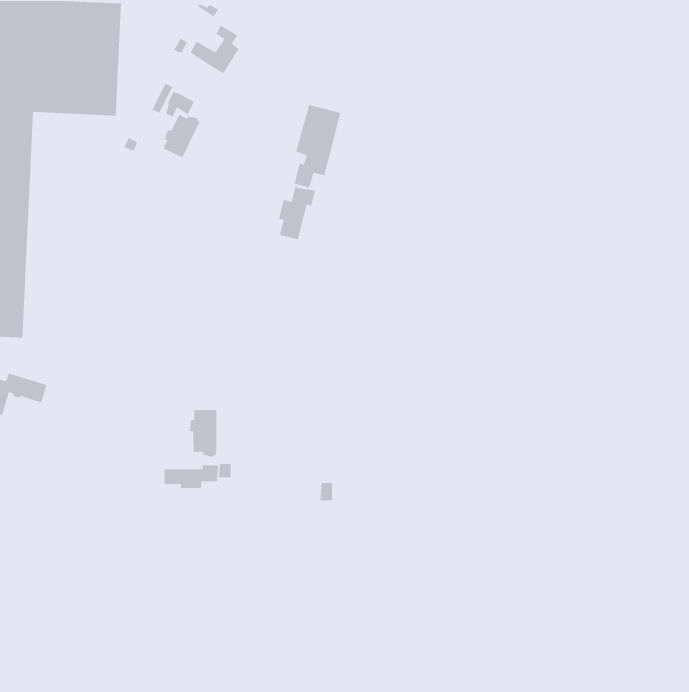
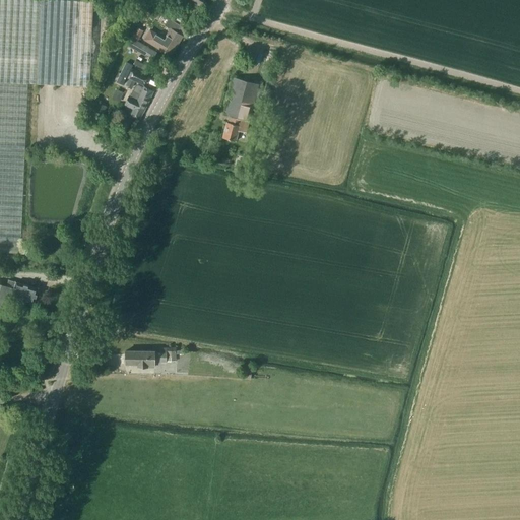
building: [278,186,316,240] -> none
building: [189,409,217,458] -> none

